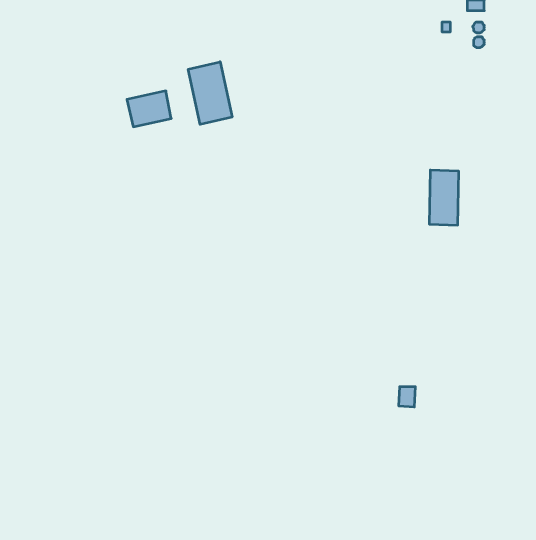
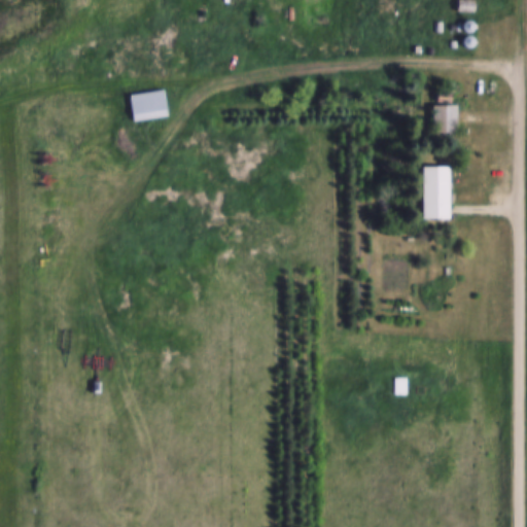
building: [188,62,232,124] -> none
building: none -> [431,105,460,135]

